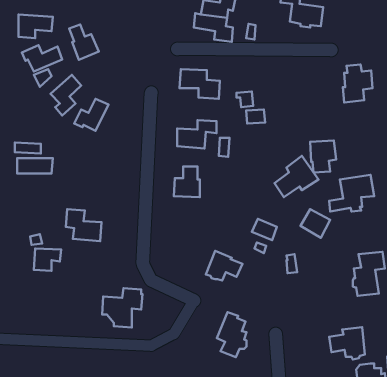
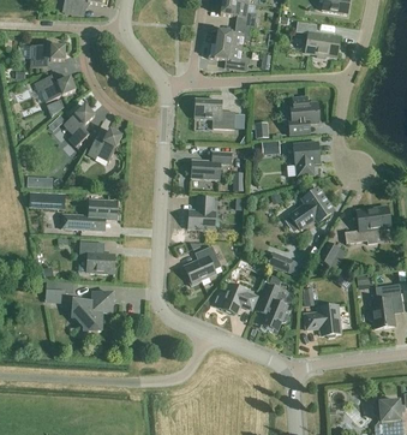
building: [69,25,99,60] -> none
building: [343,64,372,102] -> [288,96,318,135]
building: [310,141,336,173] -> [293,142,319,174]
building: none -> [61,198,116,230]
building: none -> [184,245,221,285]
building: [102,288,142,327] -> [71,291,112,330]
building: [217,312,247,357] -> [257,284,287,329]
building: [329,327,365,359] -> [304,304,340,336]

